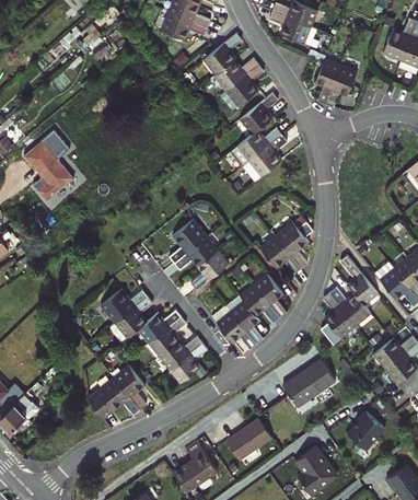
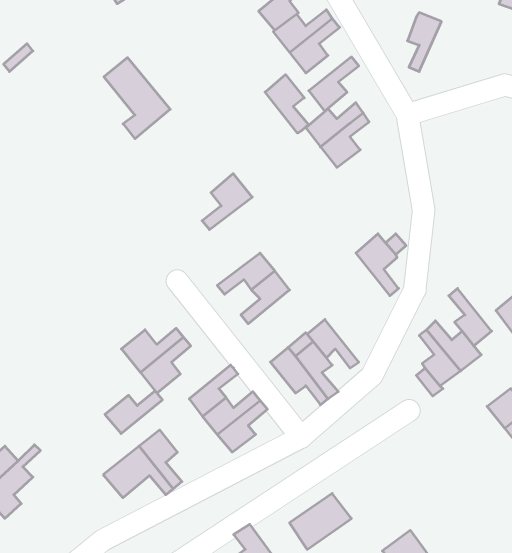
building: [323,66,355,106] -> none
building: none -> [265,75,309,133]
building: [24,138,73,198] -> [104,58,170,139]
building: [167,220,205,261] -> [202,174,252,230]
building: [260,237,301,275] -> none
building: [253,276,285,318] -> none
building: [140,314,183,346] -> [105,391,162,434]
building: [282,357,336,405] -> none
building: [348,408,384,446] -> none

